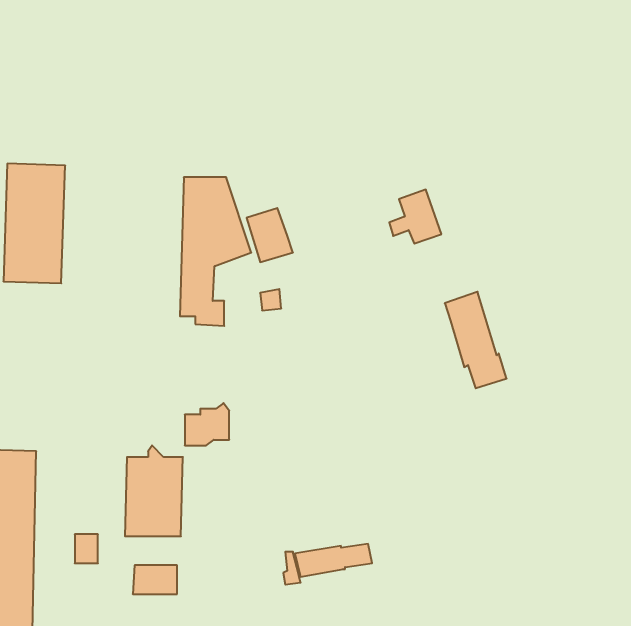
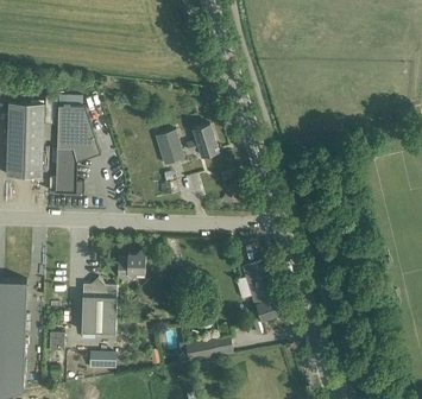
building: [180,177,251,326] -> [56,107,100,198]
building: [389,190,441,244] -> [187,125,219,158]
building: [445,292,507,388] -> [243,261,281,321]

